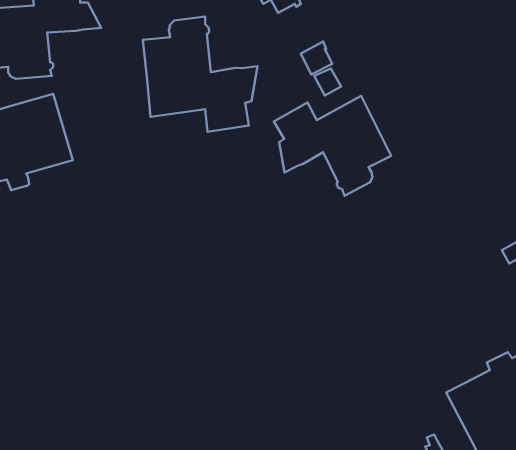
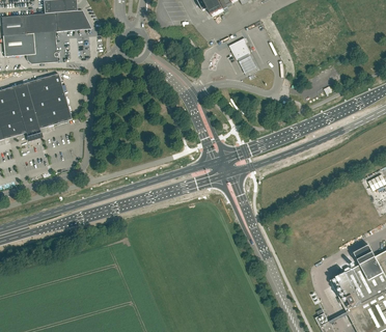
building: [143,16,258,132] -> none
building: [274,96,391,196] -> none

